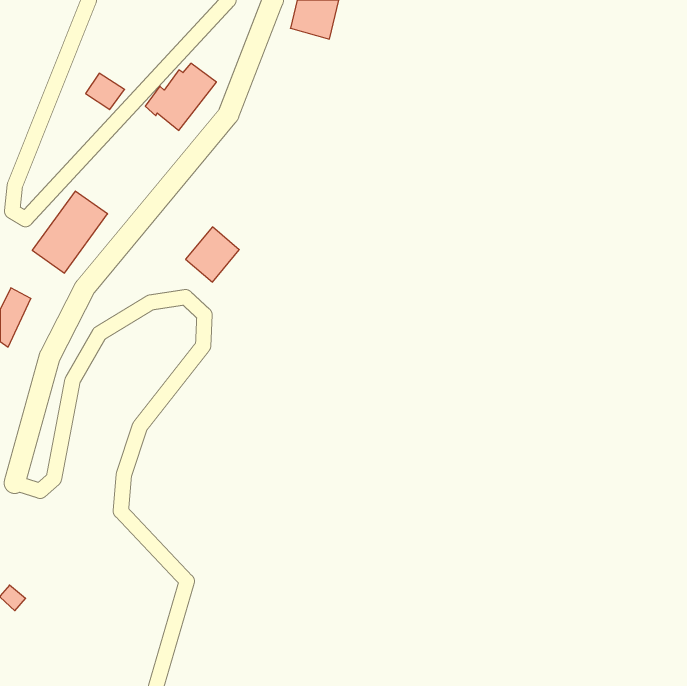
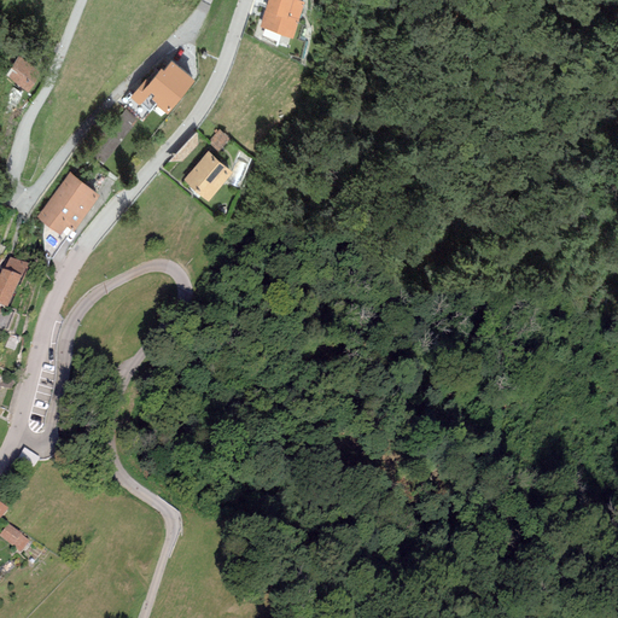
building: [86,73,125,110] -> [6,57,41,89]
building: [186,227,239,282] -> [183,150,232,199]

